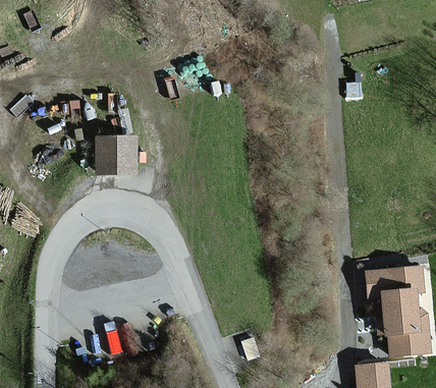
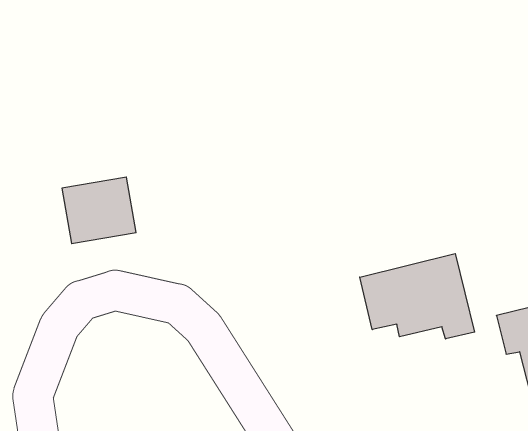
building: none -> [360,254,475,339]

